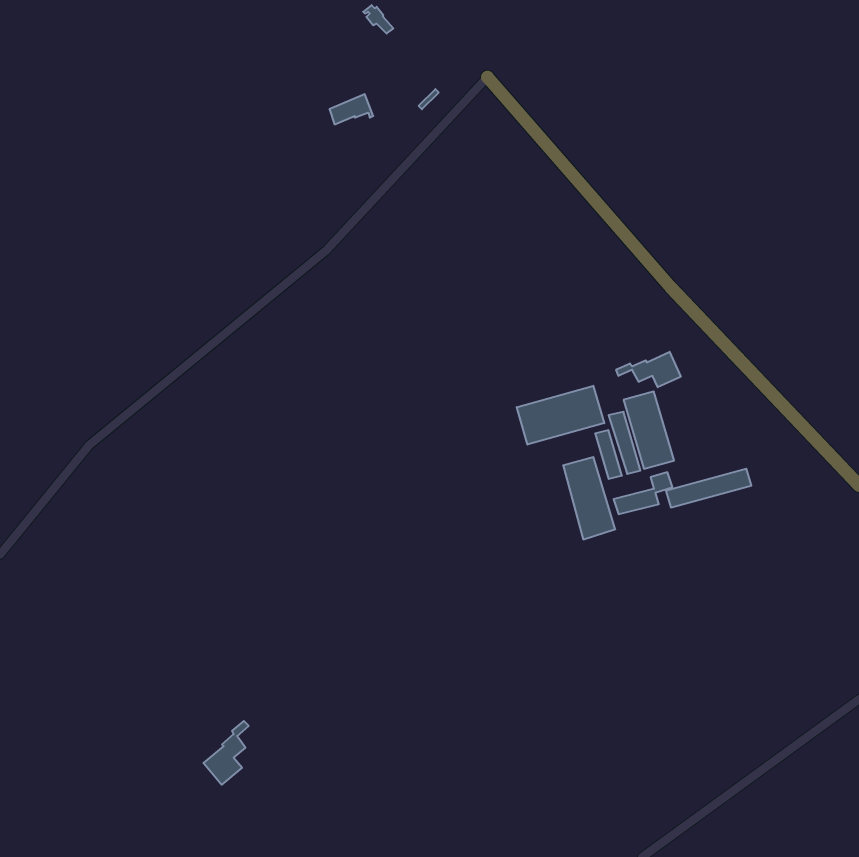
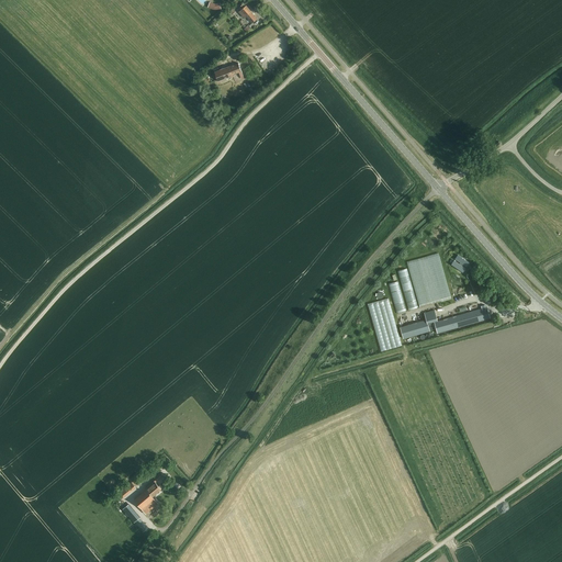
building: [616,352,681,387] -> none
building: [517,386,604,445] -> none

